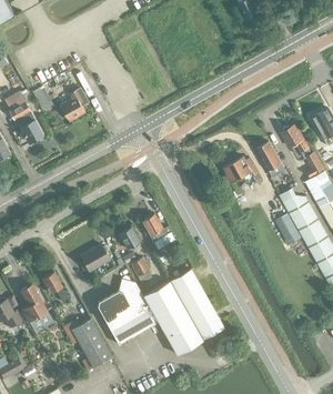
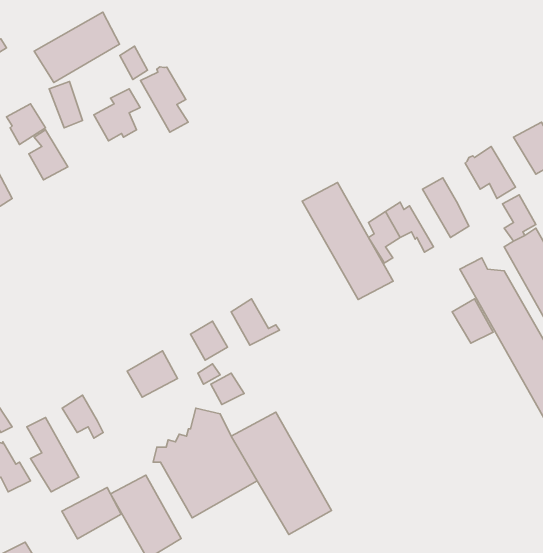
building: none -> [34,12,120,82]
building: none -> [140,67,188,132]
building: [169,269,223,339] -> [302,183,393,300]
building: none -> [62,487,121,539]

